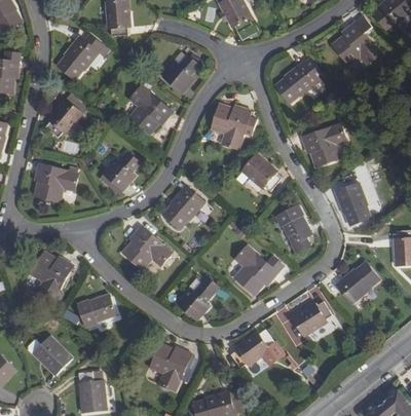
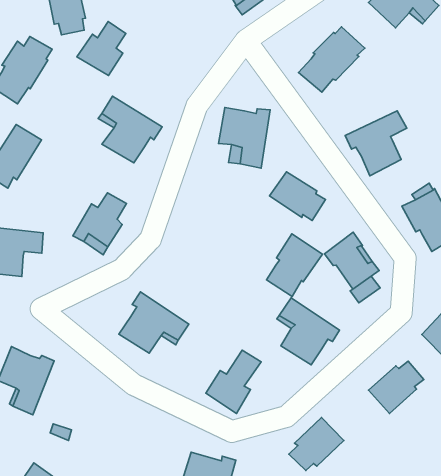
building: [161,54,198,92] -> [77,22,126,75]
building: [162,185,204,229] -> [266,234,322,296]
building: [77,294,115,327] -> none

